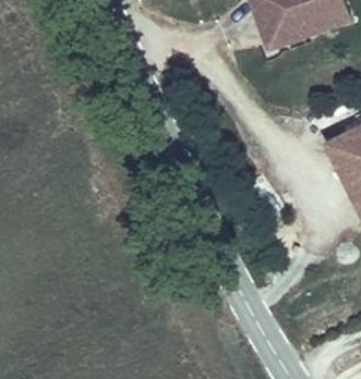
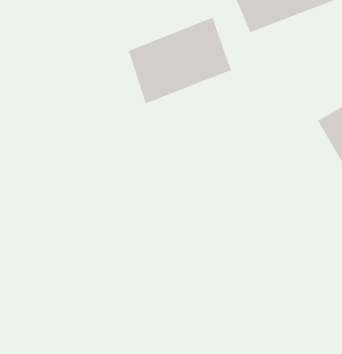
building: none -> [128,17,232,104]

